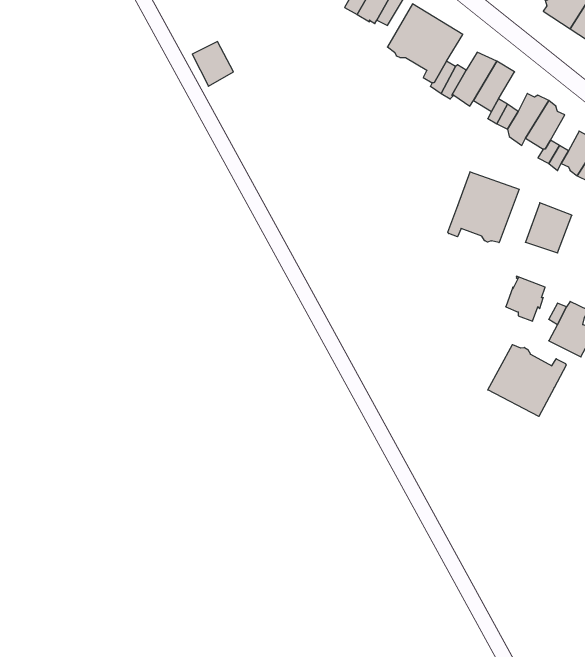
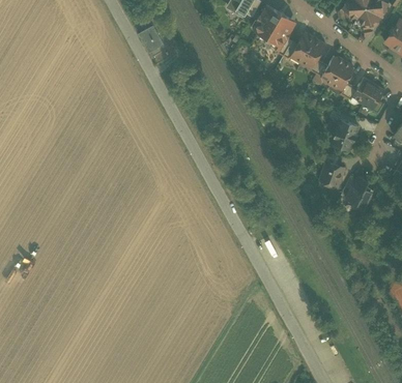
building: [448,172,519,243] -> none
building: [488,345,566,416] -> none

